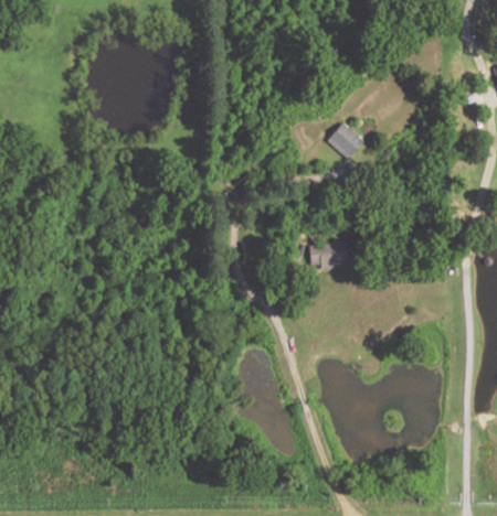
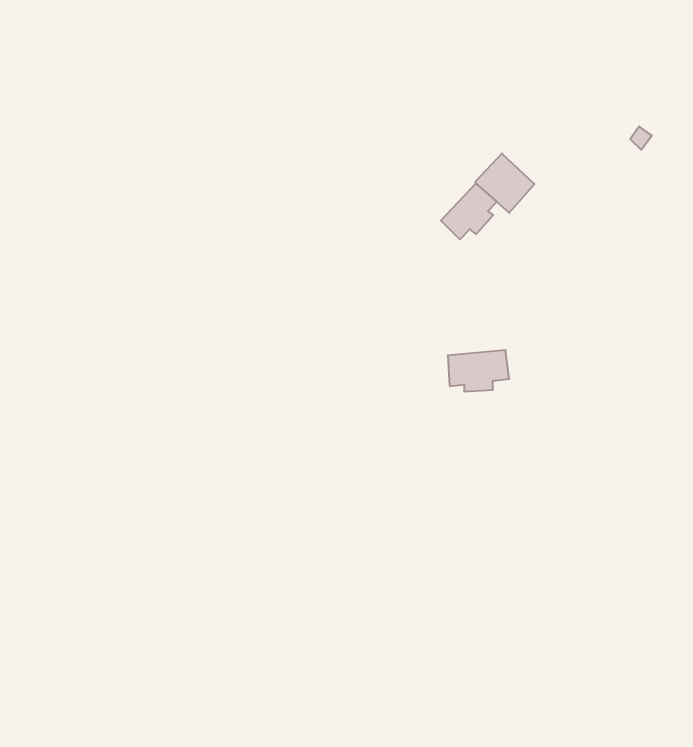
building: none -> [441,183,497,239]

